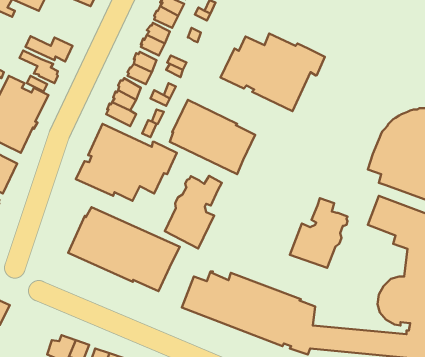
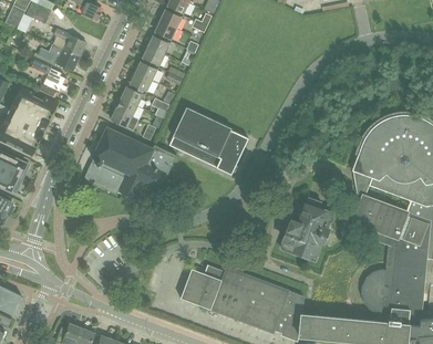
building: none -> [49,27,85,56]
building: [221,33,325,111] -> none
building: [165,176,222,249] -> none
building: [68,207,180,291] -> none

